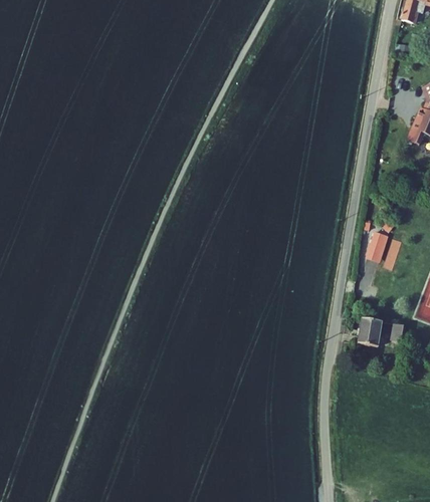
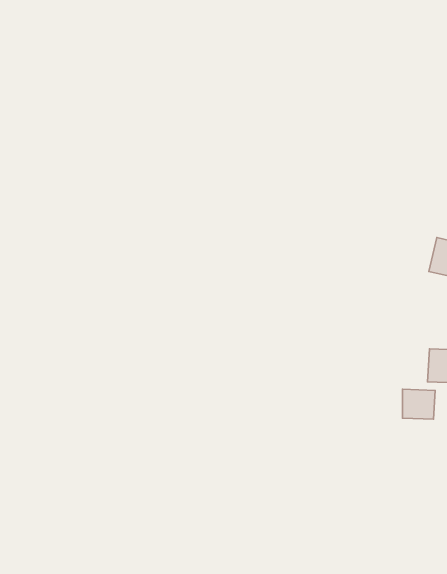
building: none -> [402,389,435,419]

